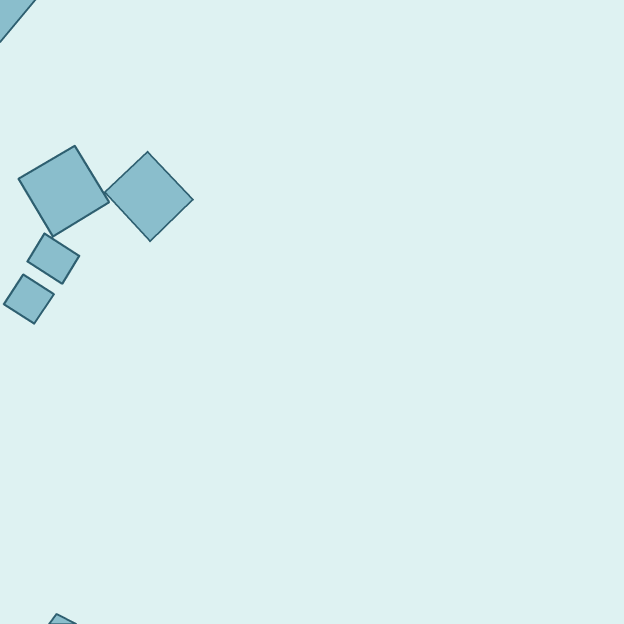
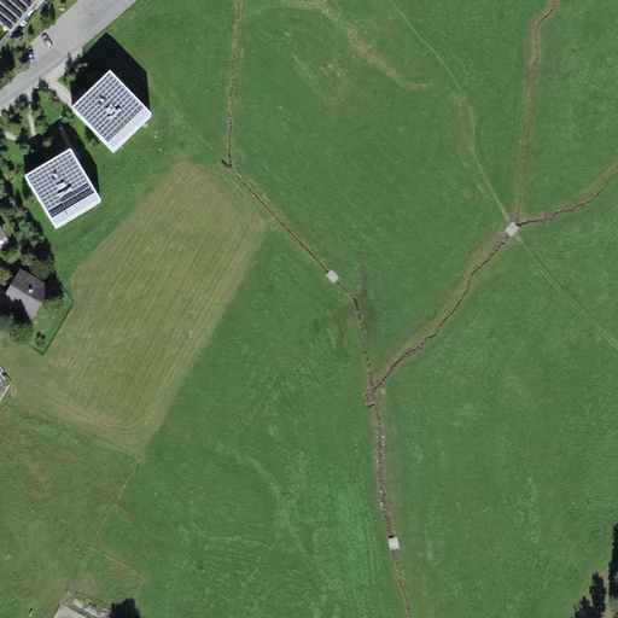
building: [105,152,193,241] -> [66,64,153,152]
building: [27,233,79,284] -> none

